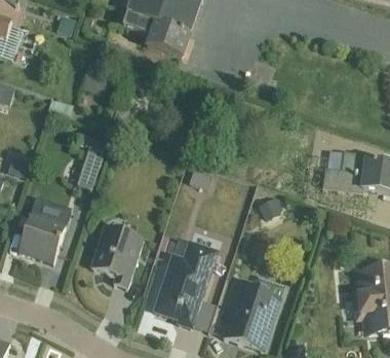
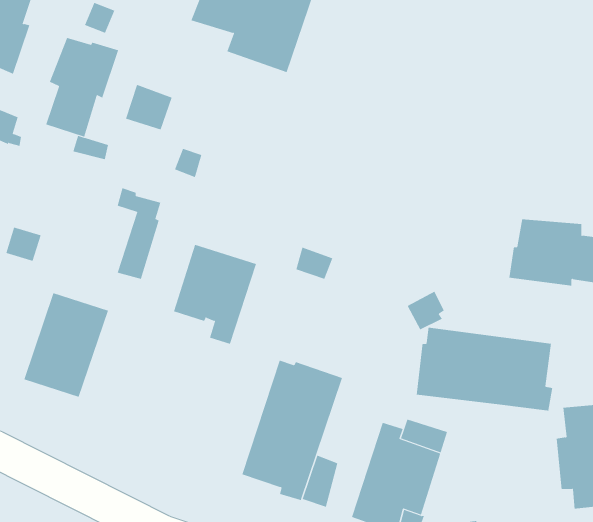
building: none -> [46,37,119,137]
building: none -> [416,327,553,412]
building: [91,225,144,288] -> [173,244,257,344]

